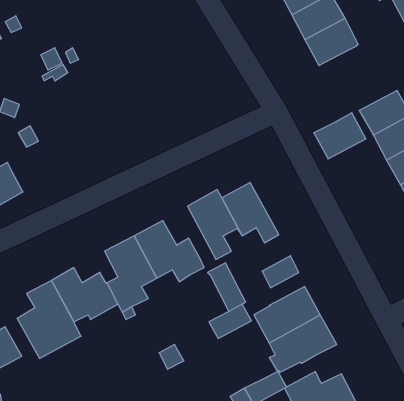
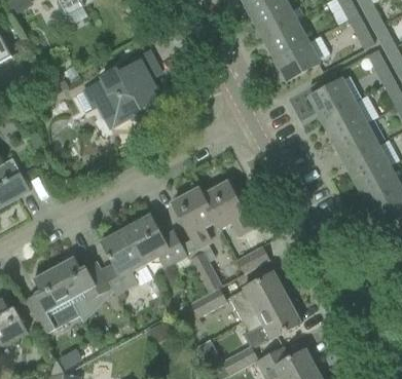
building: none -> [83,49,165,125]
building: [314,113,366,159] -> [308,78,354,118]

